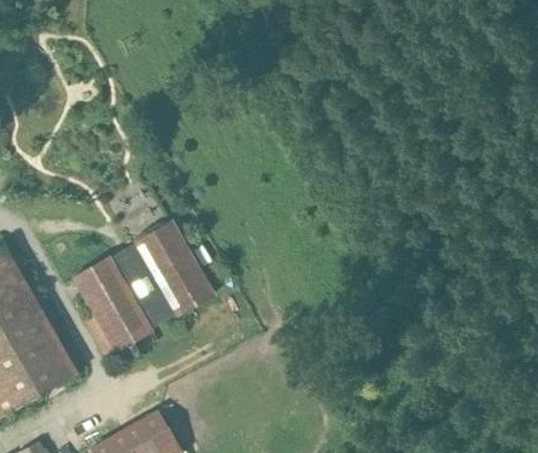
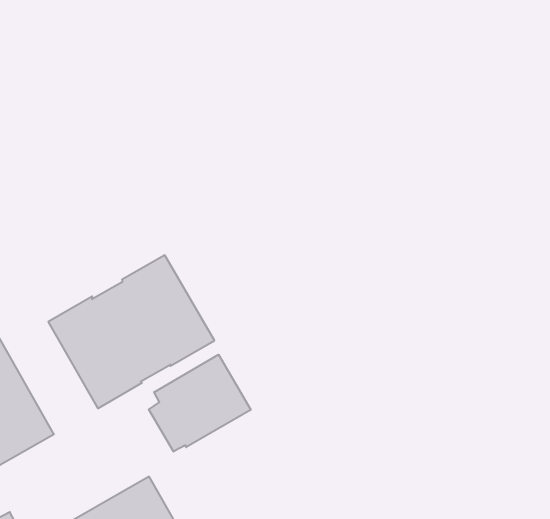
building: none -> [149,355,251,452]

